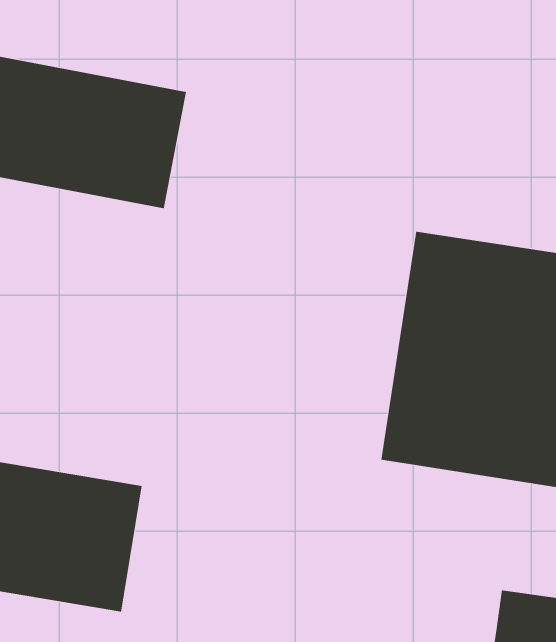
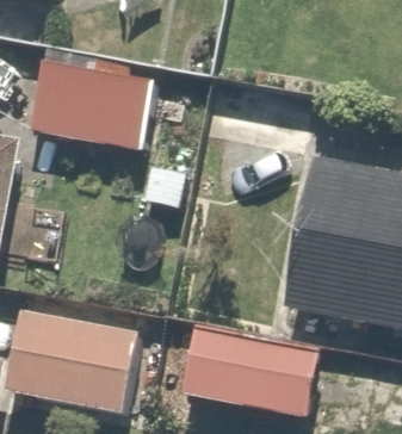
building: none -> [183,318,316,413]

